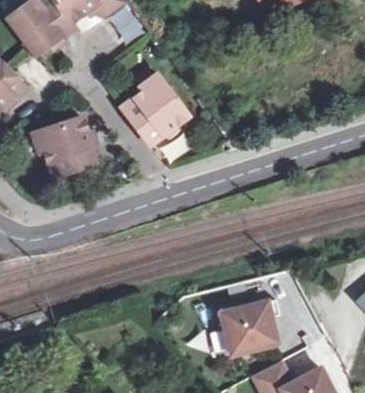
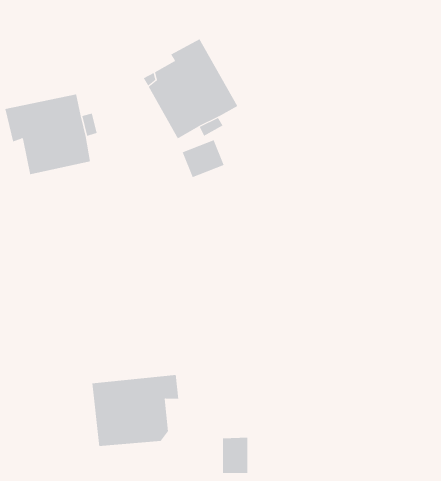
building: [223,298,282,352] -> [91,374,179,447]

